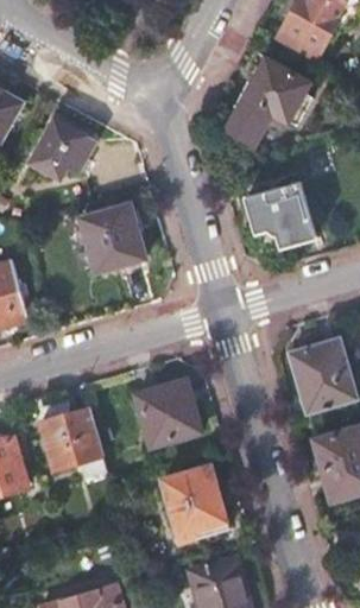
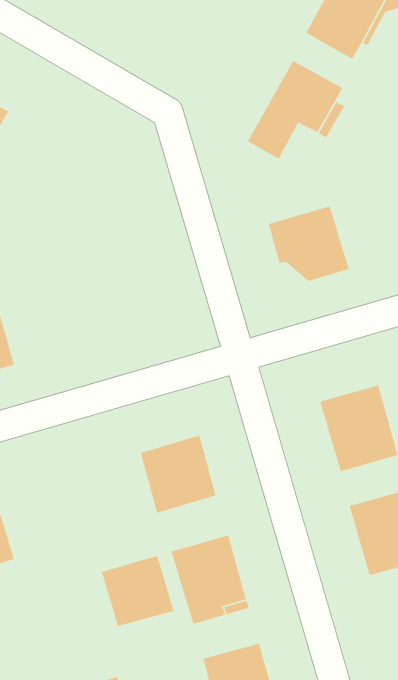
building: [30,119,94,179] -> none
building: [80,204,143,272] -> none
building: [39,407,102,469] -> [101,555,175,627]

